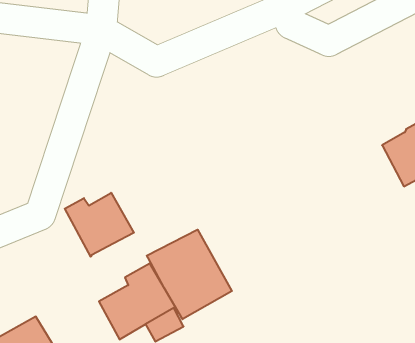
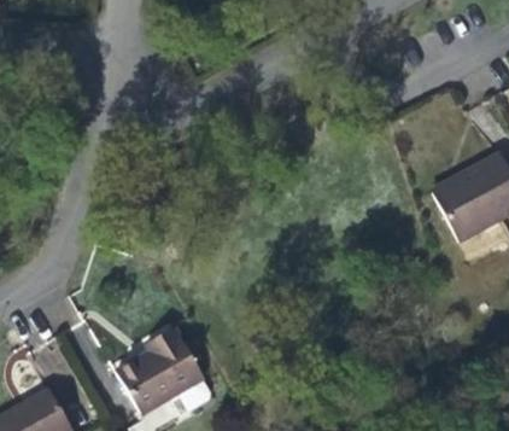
building: [65,193,134,257] -> none
building: [147,230,232,319] -> none

